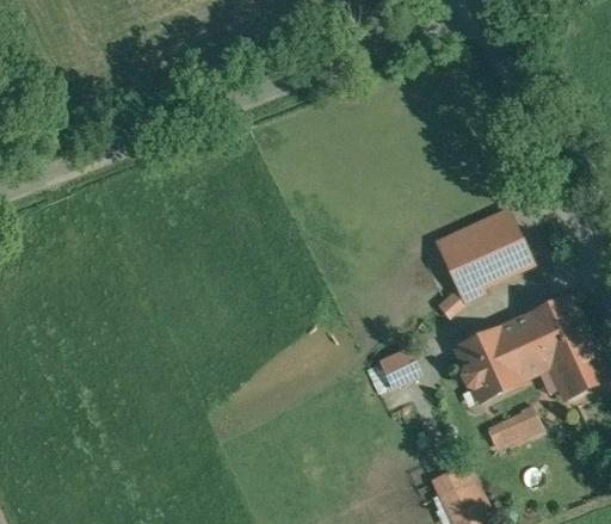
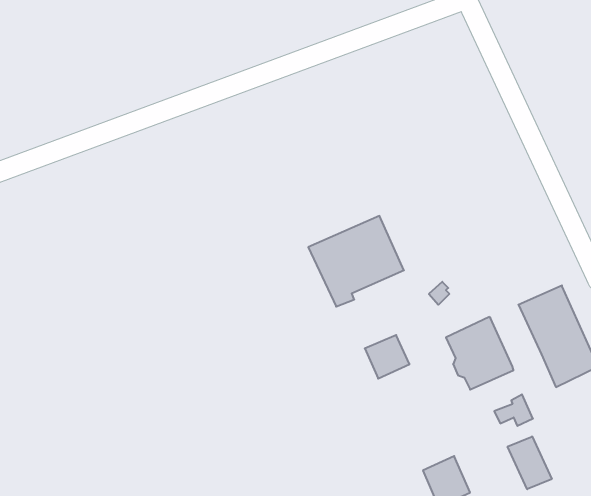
building: [436,212,530,302] -> [308,216,404,307]
building: [499,318,549,378] -> none
building: none -> [508,436,552,489]

